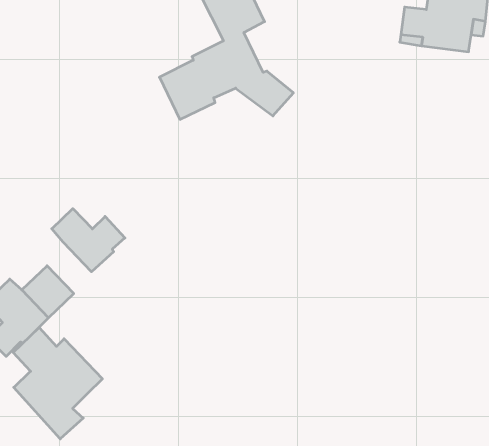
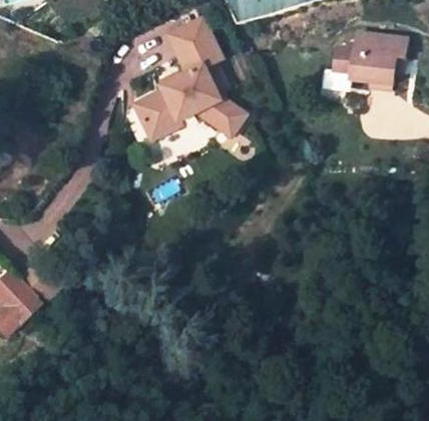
building: [52,209,125,272] -> none
building: [13,328,102,439] -> none

